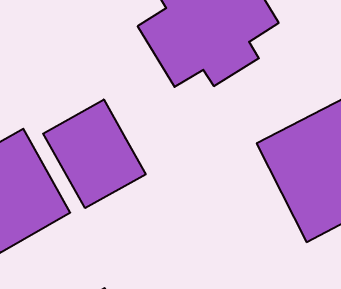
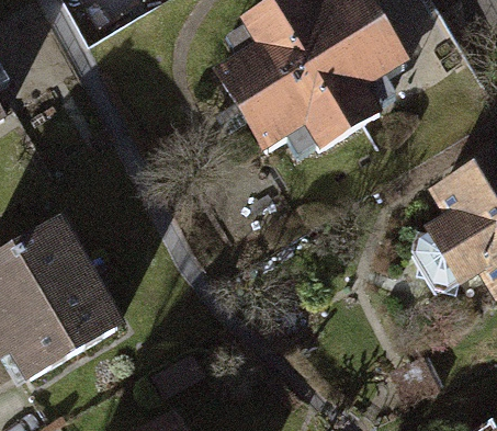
building: [43,99,146,208] -> none

